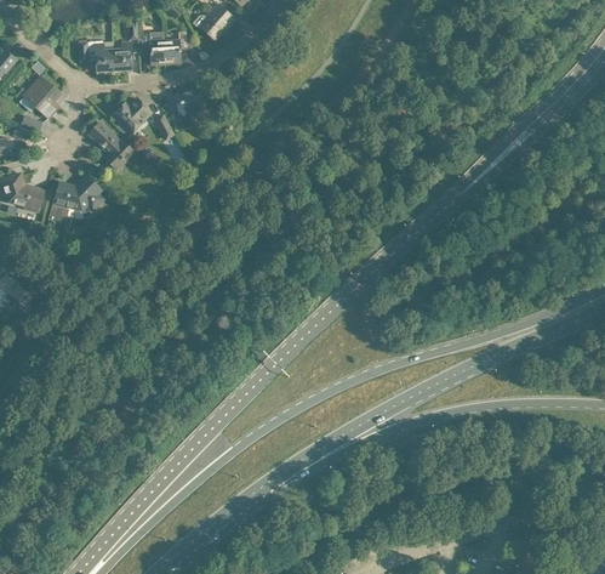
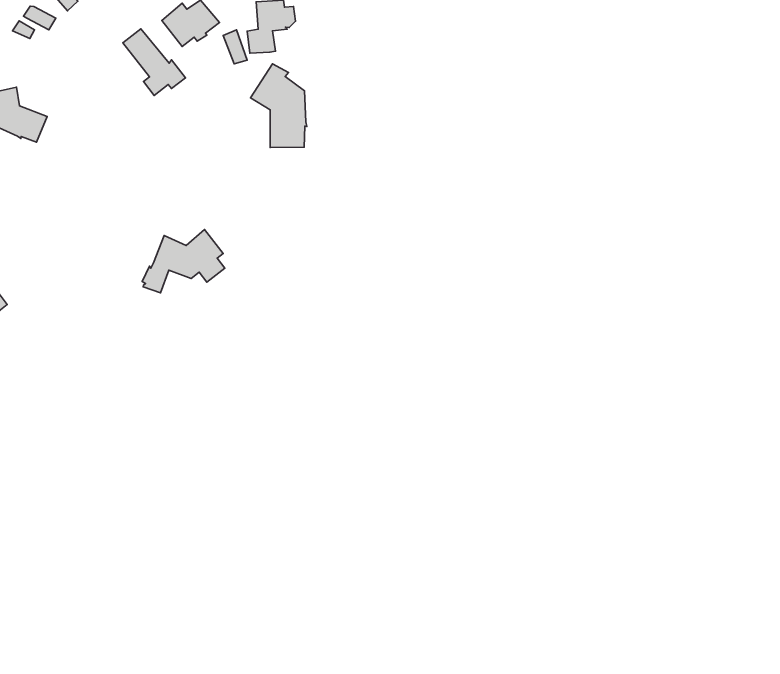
building: none -> [251,64,307,147]
building: [47,175,102,221] -> [142,230,225,293]

